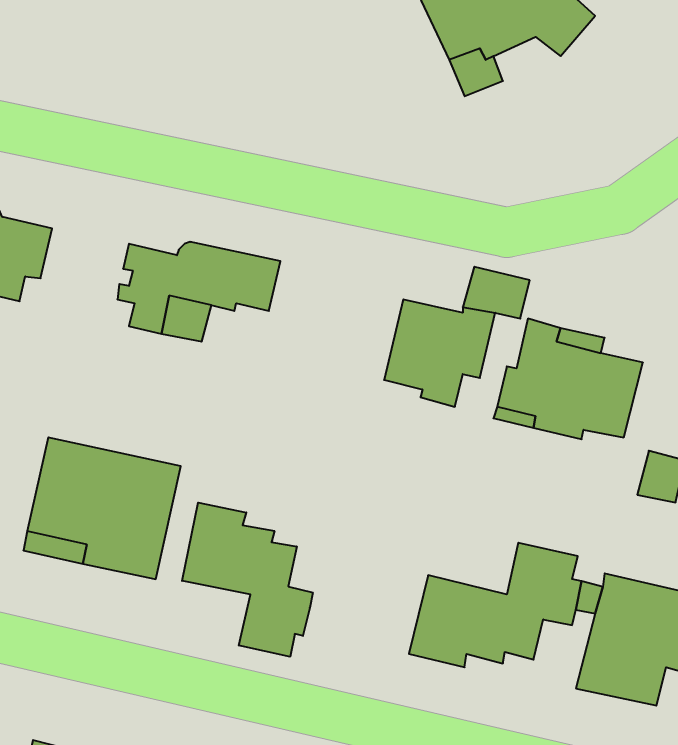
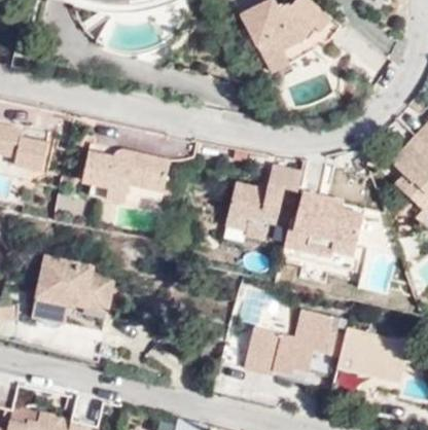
building: [182,503,313,657] -> none

